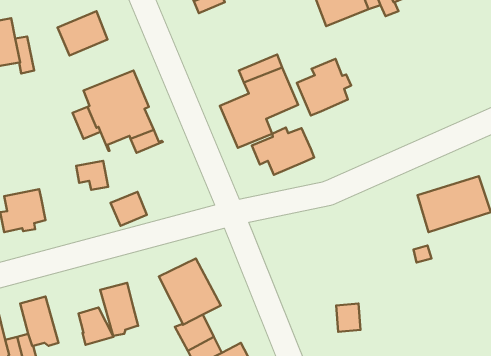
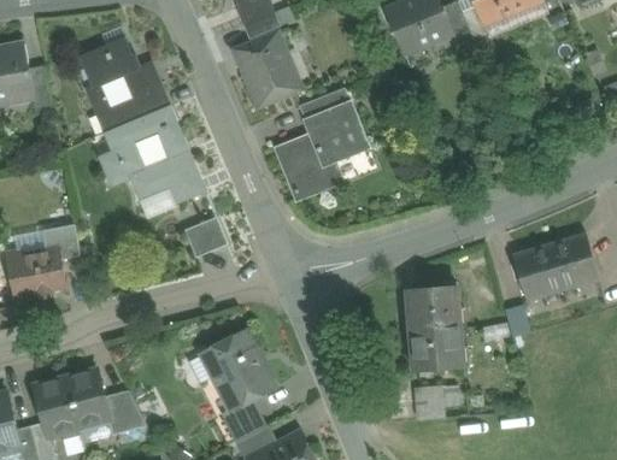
building: none -> [234,30,301,105]
building: none -> [94,63,171,130]
building: [297,59,351,116] -> none
building: [252,128,314,175] -> none
building: [76,161,108,190] -> [42,224,81,259]
building: [111,192,147,226] -> [184,217,228,258]
building: none -> [406,284,463,371]
building: [100,283,138,336] -> [65,368,111,432]

